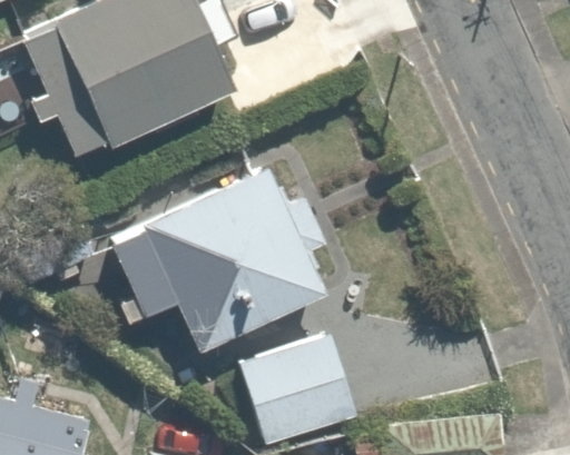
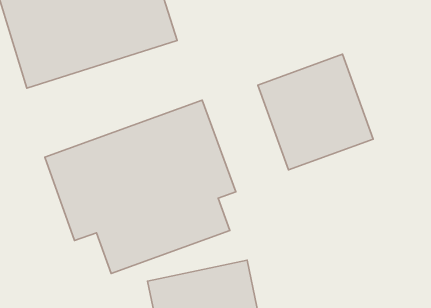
building: none -> [258,54,373,170]

